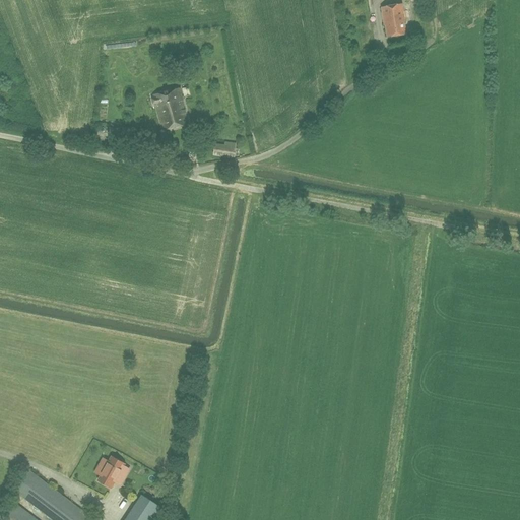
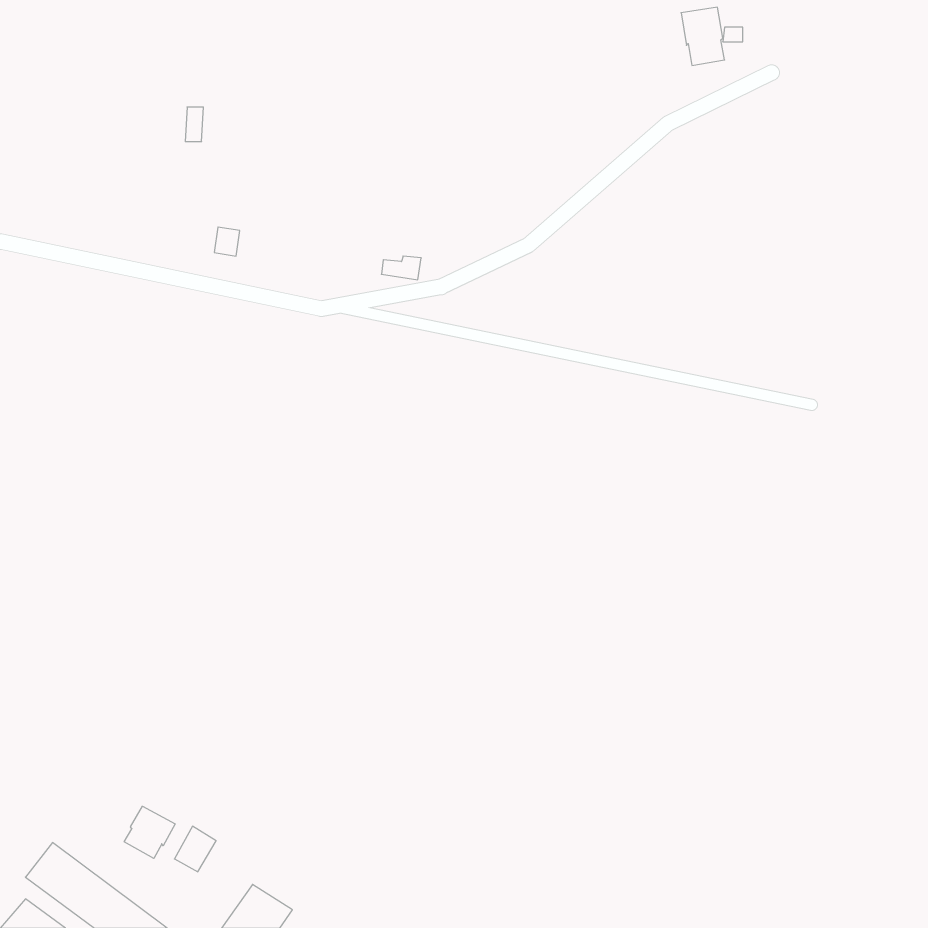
building: [152,87,188,130] -> none
building: none -> [124,806,175,858]

